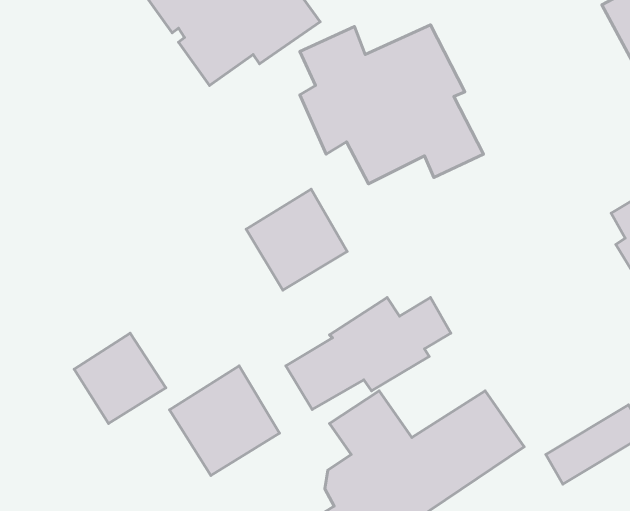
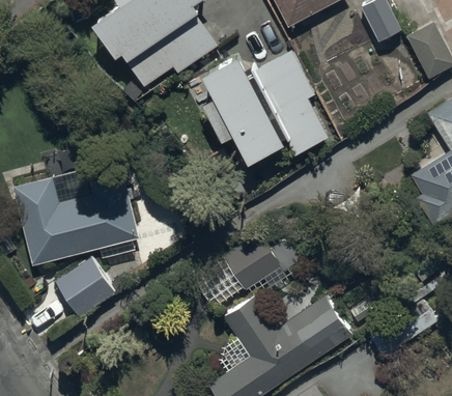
building: [246,189,347,290] -> none
building: none -> [13,170,141,267]
building: [170,366,279,476] -> none

